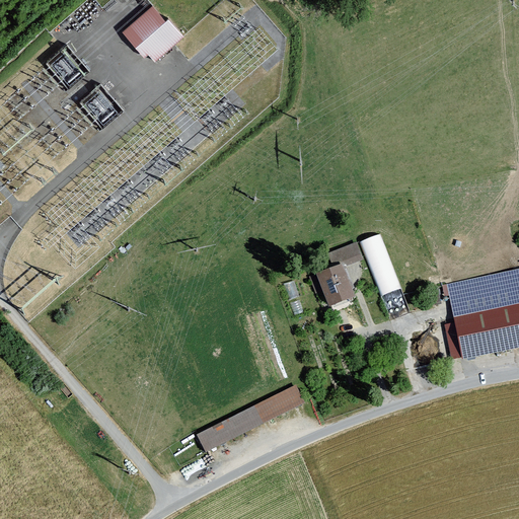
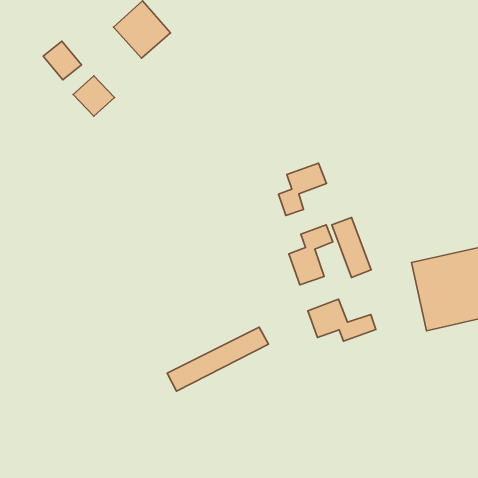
building: none -> [278,163,326,216]
building: none -> [308,299,376,341]
building: [194,385,303,454] -> [167,327,268,391]

